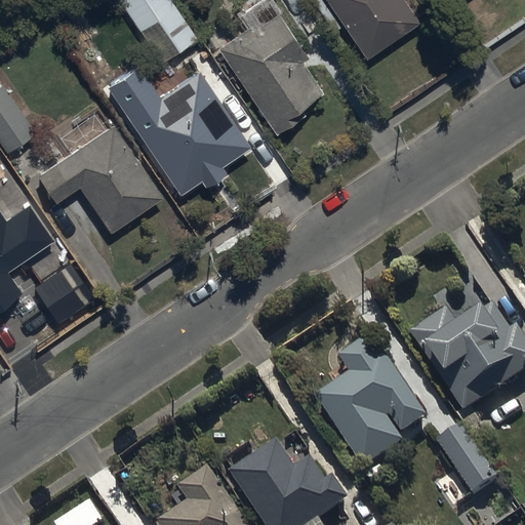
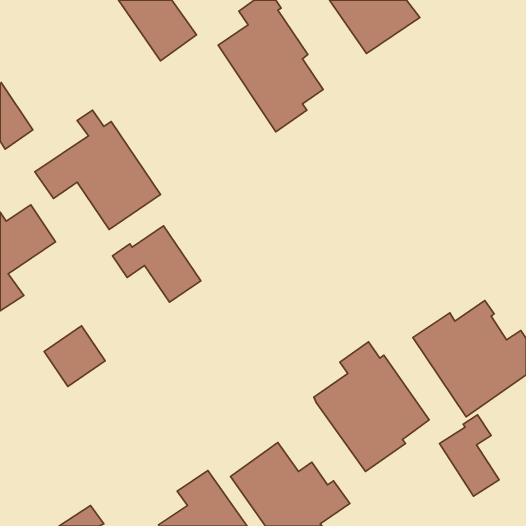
building: [109,68,251,196] -> none
building: none -> [112,226,201,302]
building: [35,264,95,324] -> [44,326,105,387]

